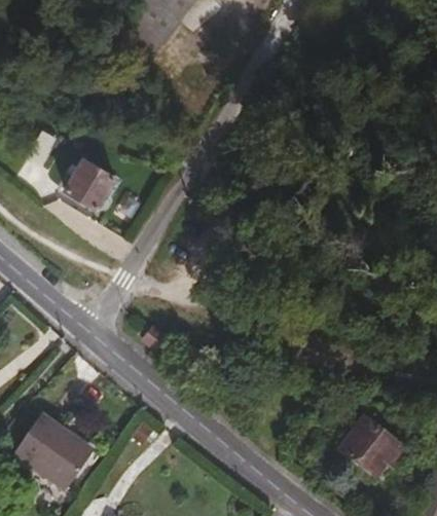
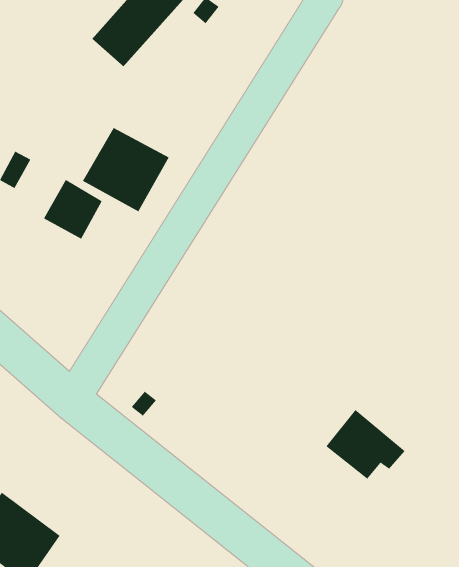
building: none -> [82,127,169,212]
building: [344,415,411,474] -> [325,409,406,479]

